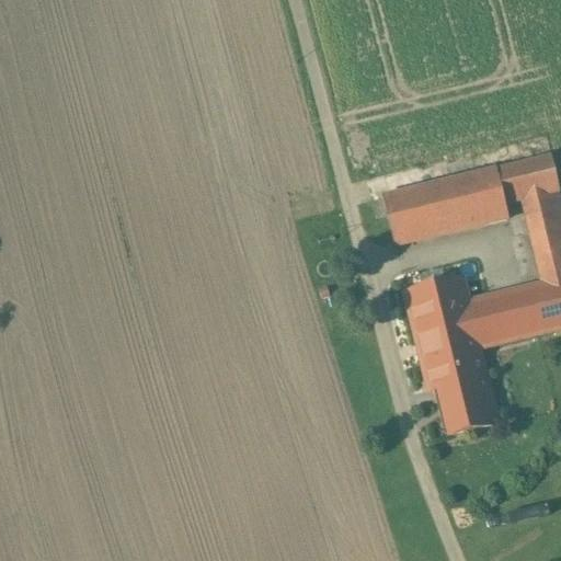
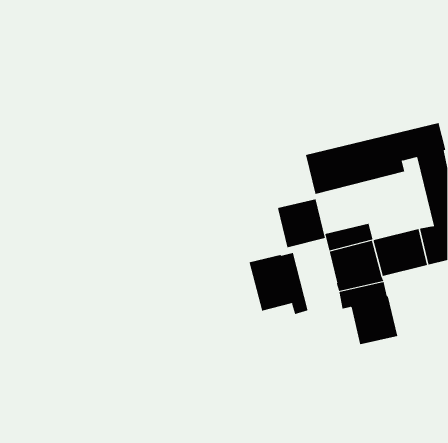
building: none -> [277,199,326,248]
building: none -> [249,252,308,315]

